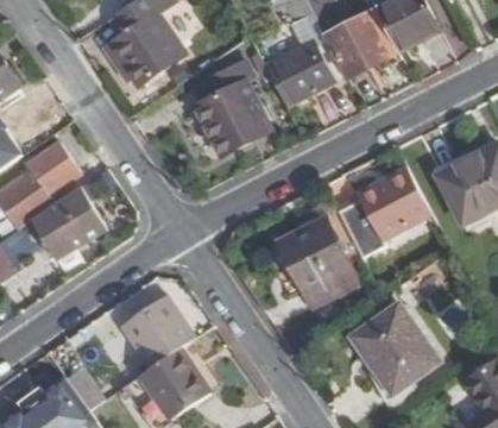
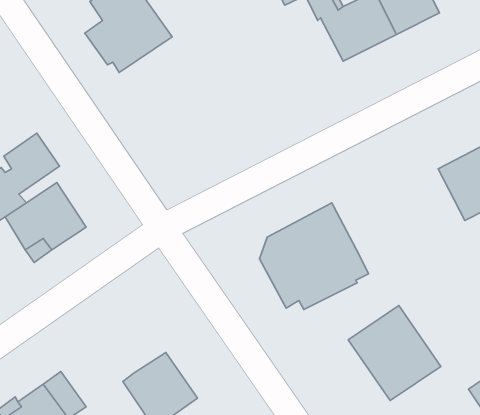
building: [265,42,332,106] -> none
building: [194,61,271,156] -> none
building: [338,169,430,258] -> none
building: [122,296,195,367] -> none

